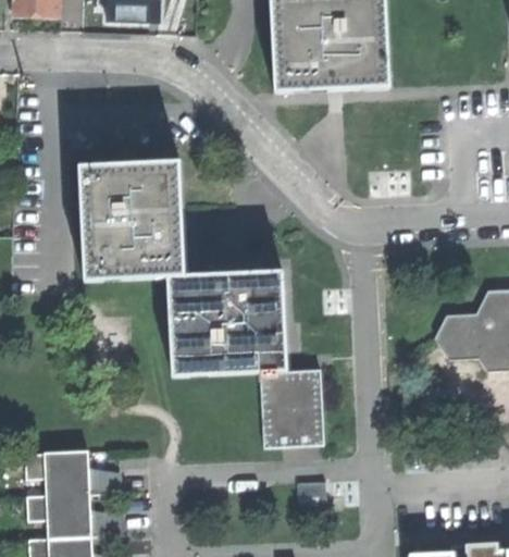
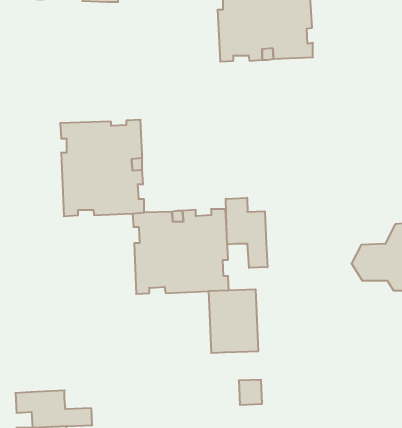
building: none -> [226,198,267,268]
building: [25,451,119,495] -> none

